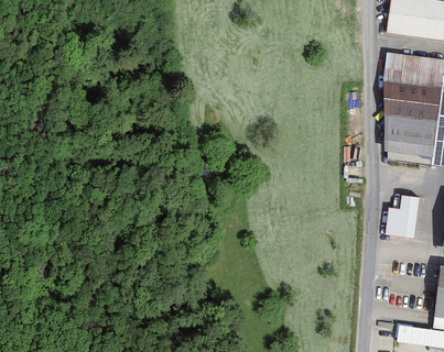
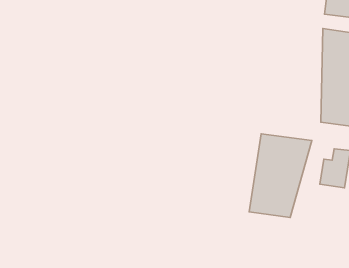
building: none -> [249,134,312,218]

